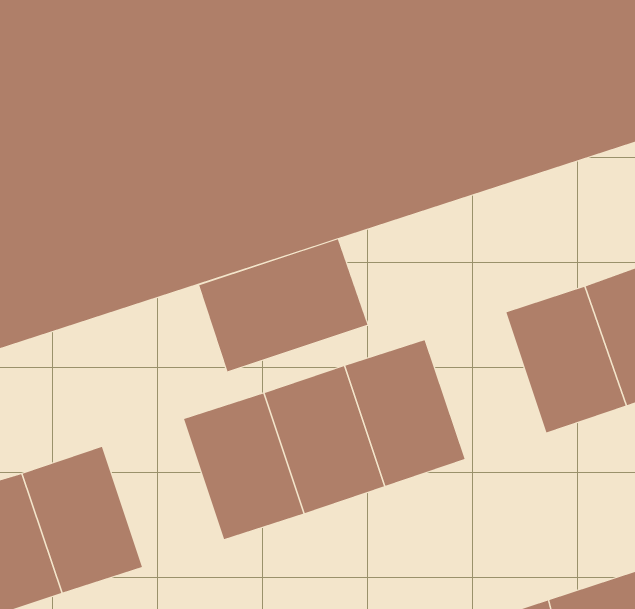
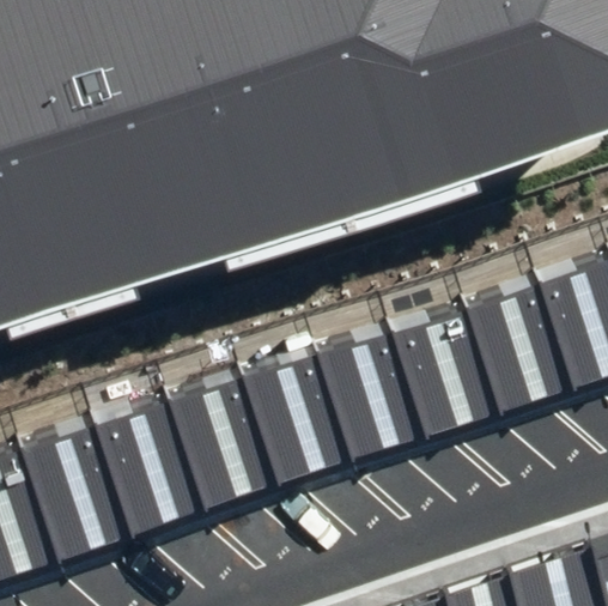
building: [199,239,368,372] -> none
building: none -> [414,291,525,426]
building: none -> [117,389,229,526]

